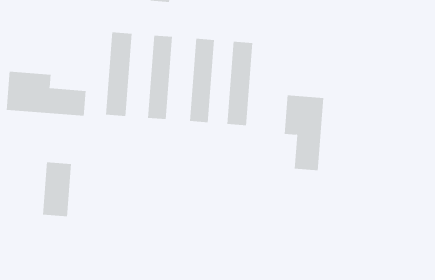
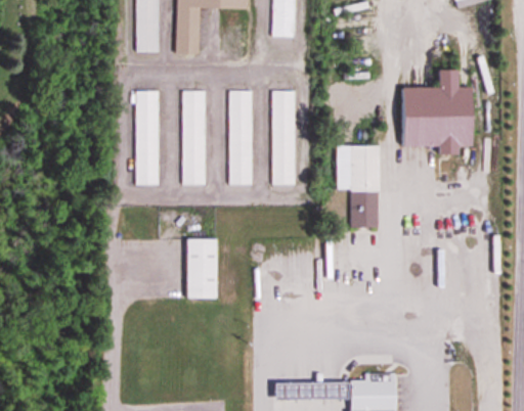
building: none -> [402,70,471,154]
building: [6,71,86,116] -> none
building: [42,162,72,217] -> [187,238,216,298]

